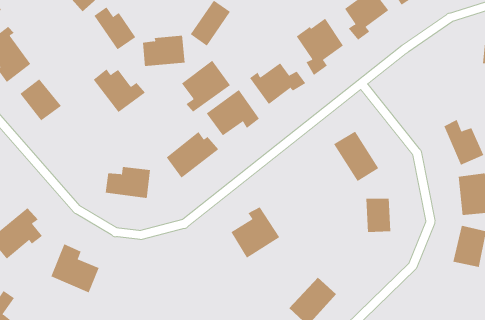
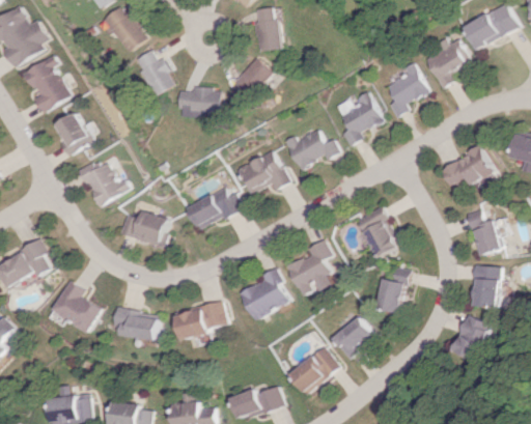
building: none -> [440,146,496,188]
building: [181,60,231,112] -> none
building: [93,69,146,113] -> [78,160,129,205]
building: none -> [286,239,330,295]
building: none -> [331,315,373,358]
building: none -> [177,303,228,339]
building: none -> [118,309,162,338]

